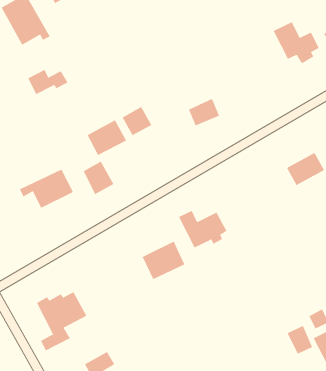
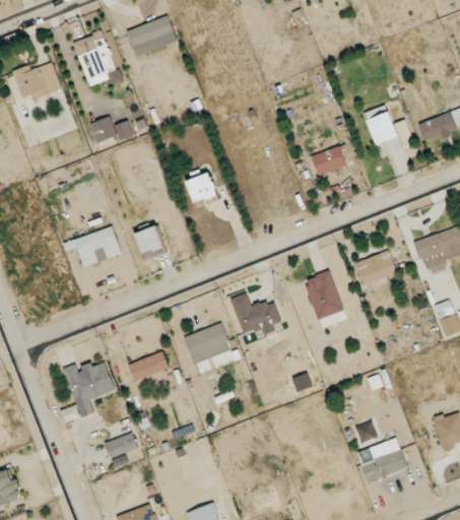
building: [188,98,220,126] -> [312,147,345,175]
building: [87,120,127,156] -> none
building: none -> [304,271,343,320]
building: none -> [128,351,169,382]
building: [287,325,313,355] -> none

